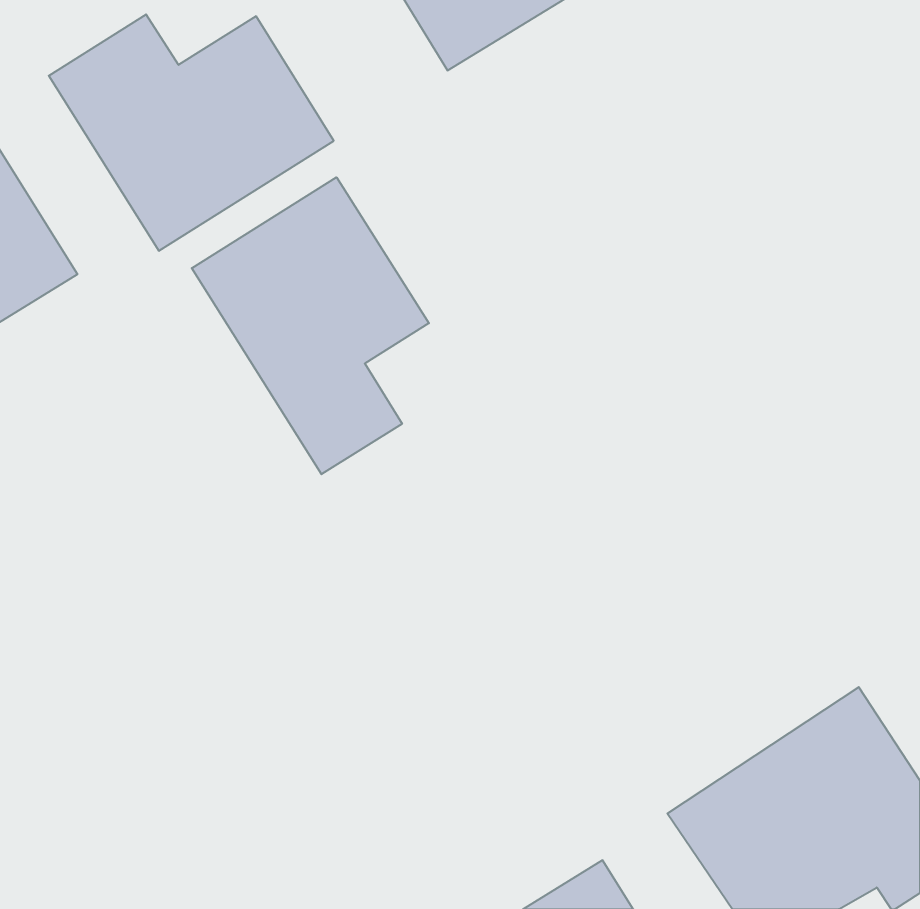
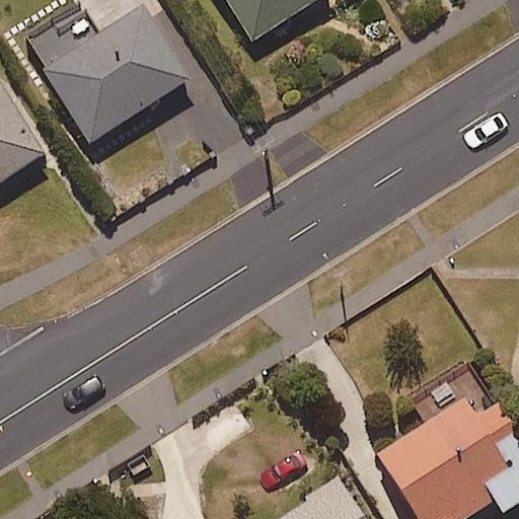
building: [192,177,429,474] -> none

